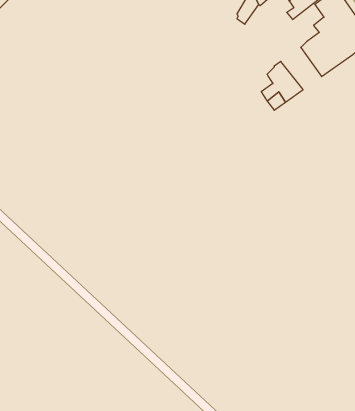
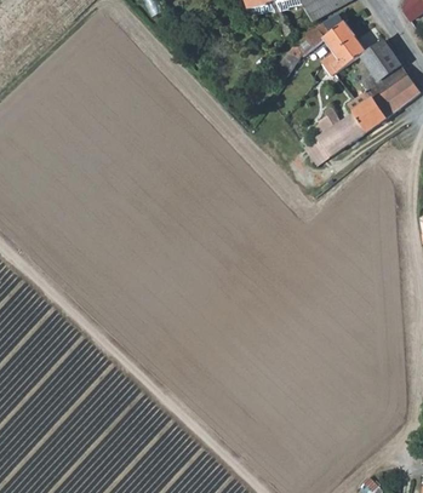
building: none -> [324,107,367,144]

